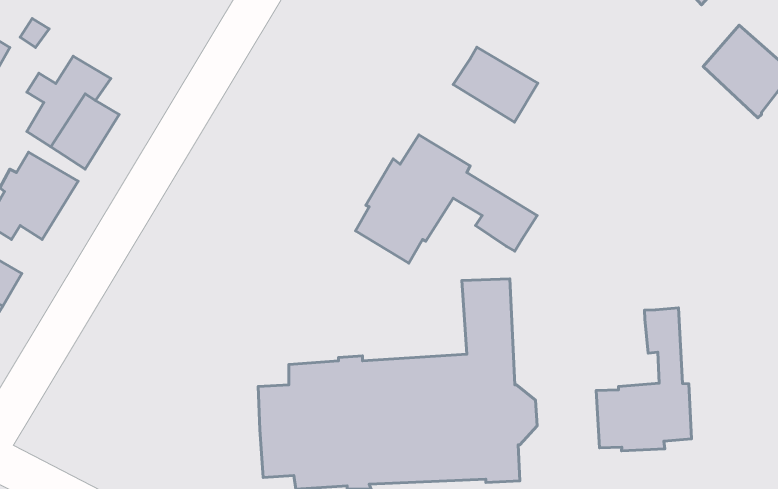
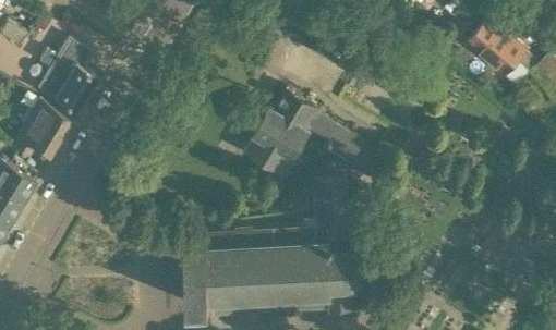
building: [453,47,538,122] -> none
building: [596,308,692,451] -> none

